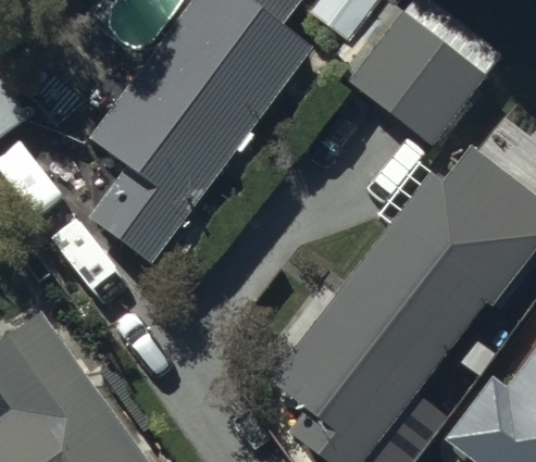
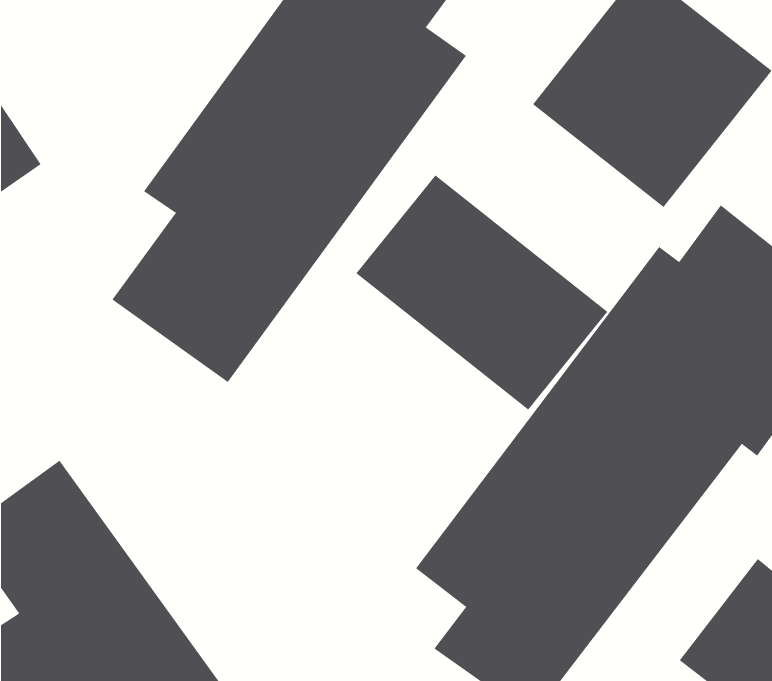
building: none -> [356,174,608,410]

